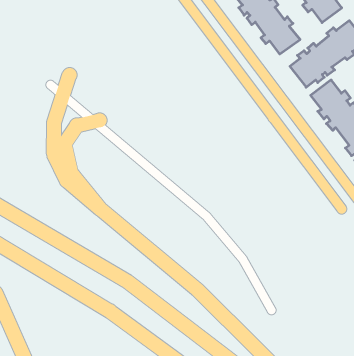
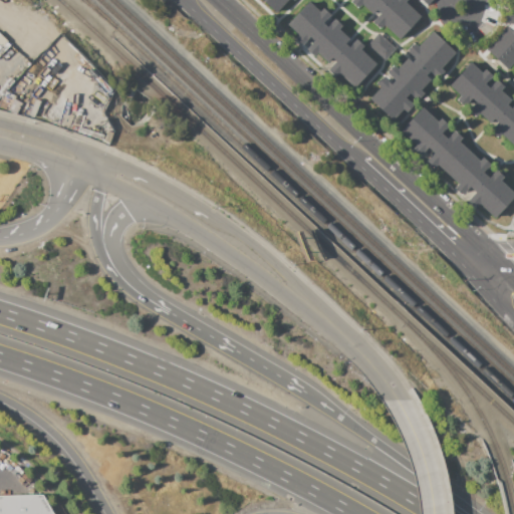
building: none -> [368,33,398,61]

